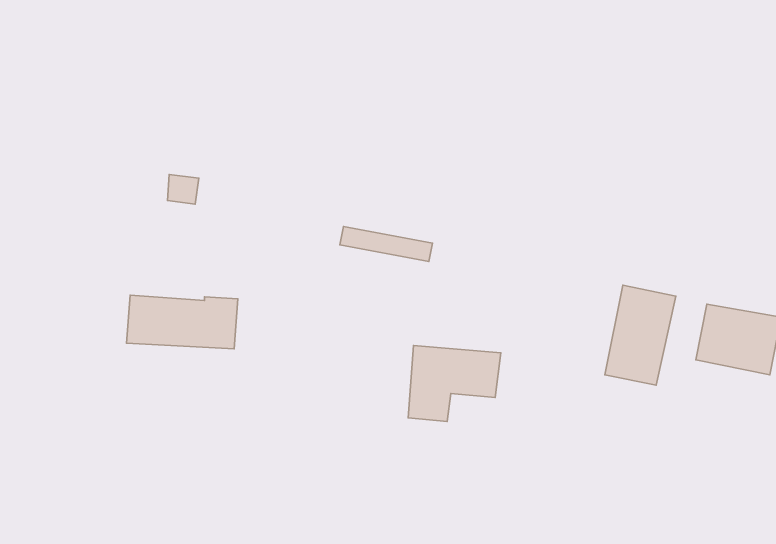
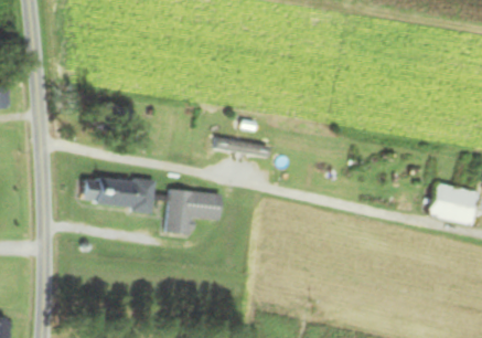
building: [605,285,676,385] -> none
building: [408,345,501,421] -> [167,189,222,234]

